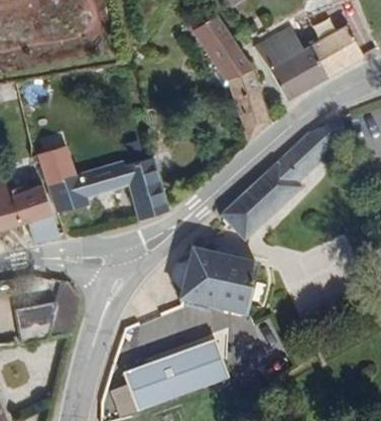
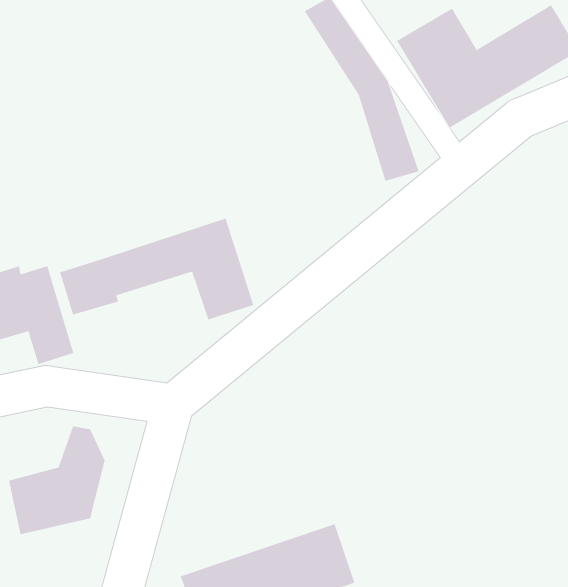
building: [220,126,334,239] -> none
building: [36,144,76,187] -> none
building: [178,246,269,313] -> none

